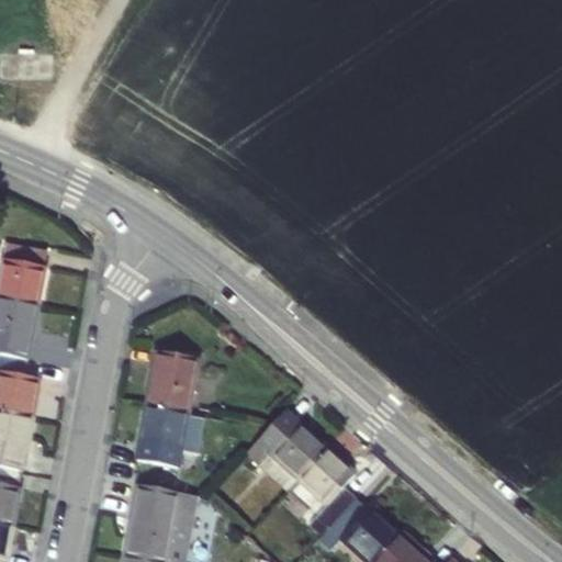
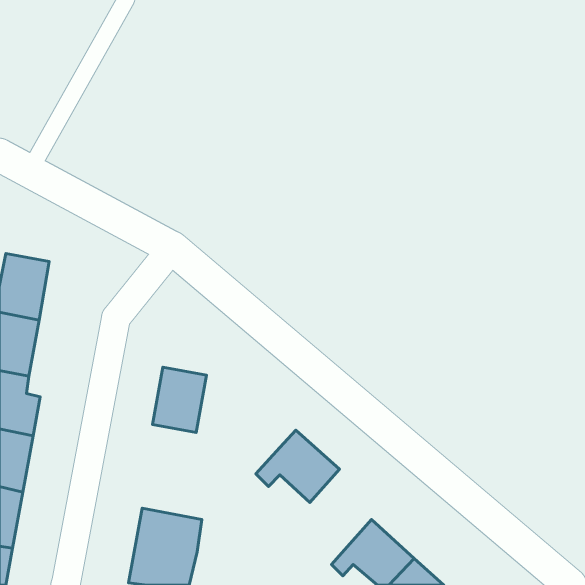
building: [135,406,188,470] -> none
building: [296,449,356,529] -> none

